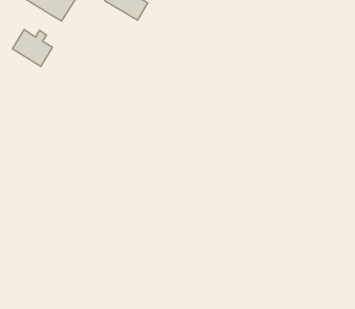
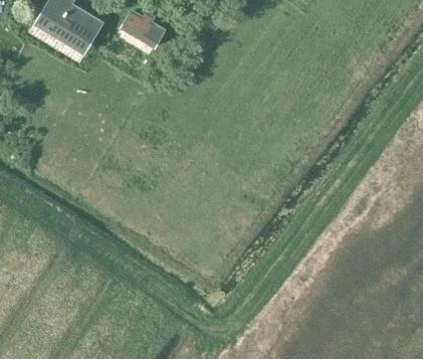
building: [12,30,52,67] -> none

